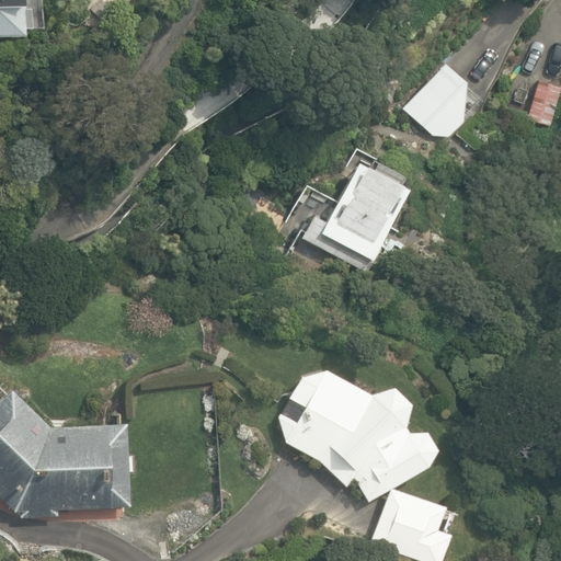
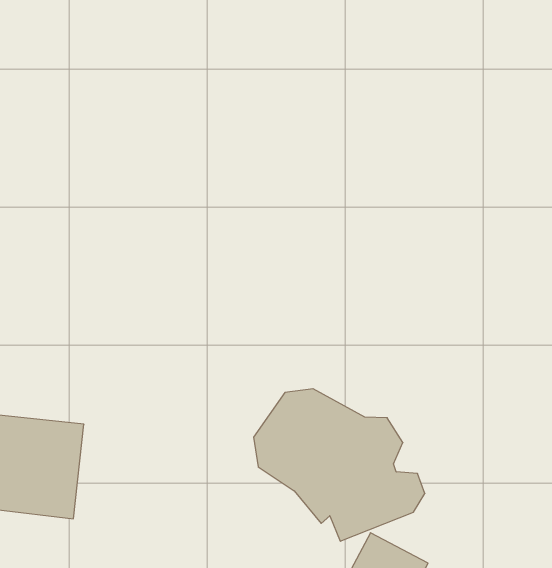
building: [403,65,482,145] -> none
building: [290,159,410,276] -> none

